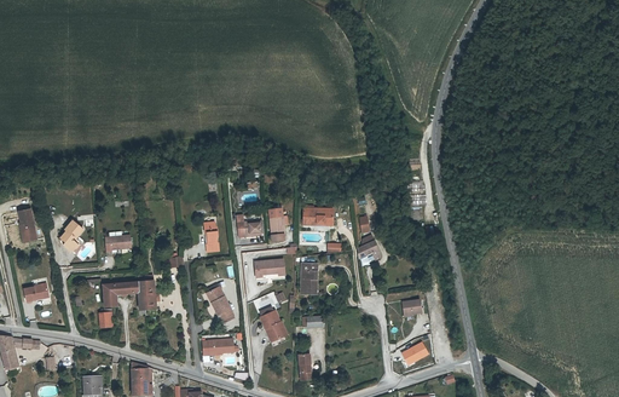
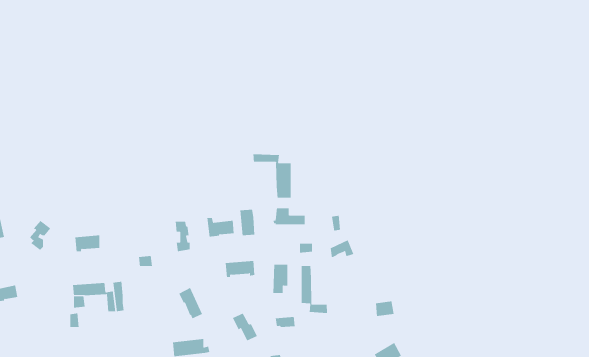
building: none -> [253,153,291,199]
building: none -> [301,265,328,314]

